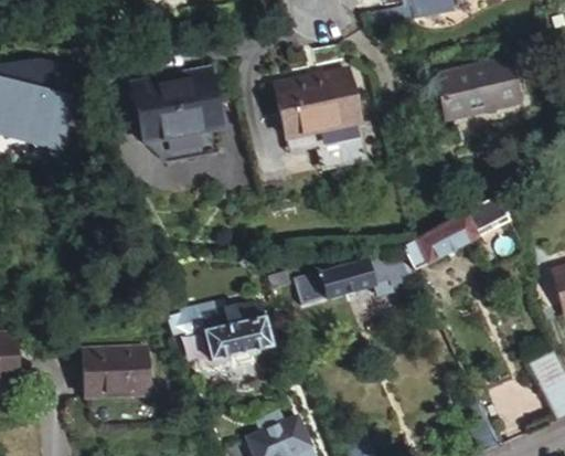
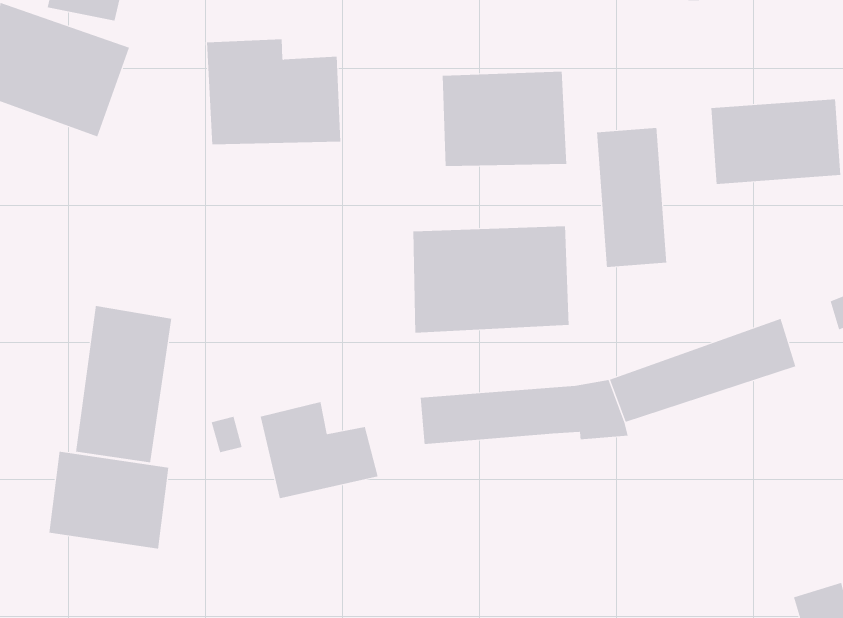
building: none -> [596,127,667,268]
building: none -> [413,225,569,333]
building: none -> [76,305,172,463]

